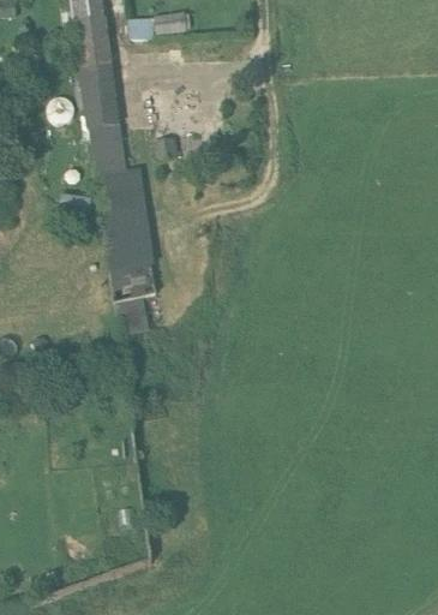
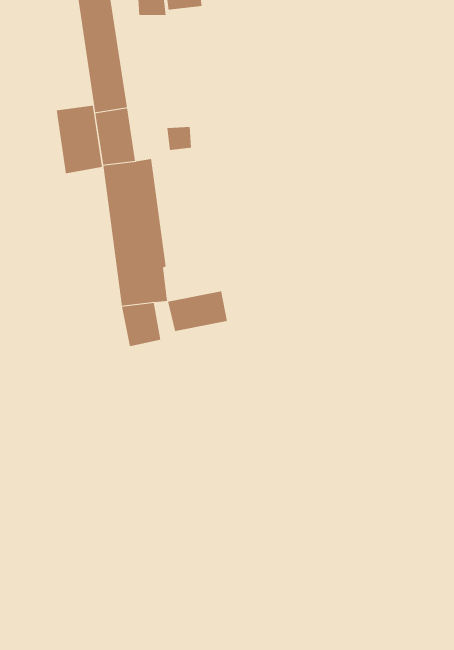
building: none -> [56,105,102,174]
building: none -> [168,290,227,332]

